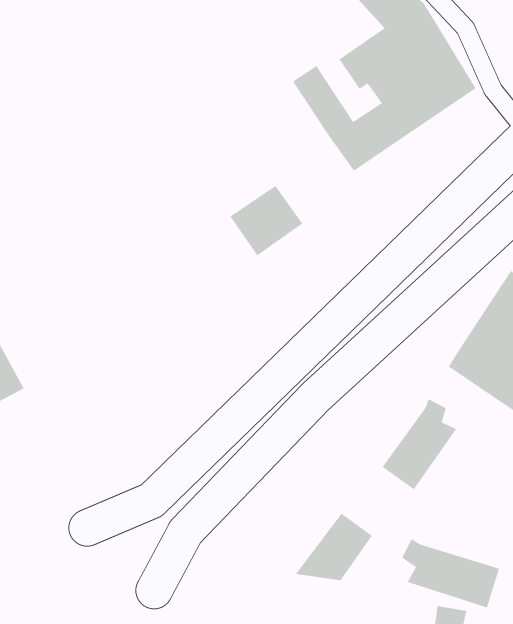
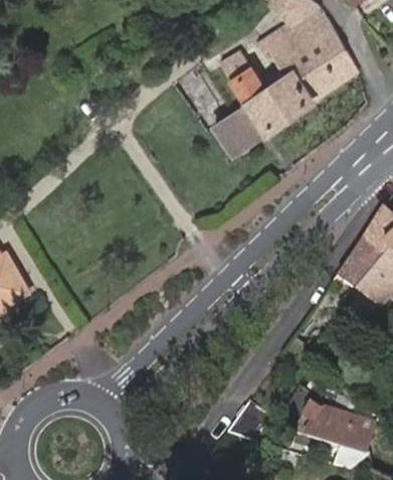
building: [229,185,303,256] -> [213,102,267,154]
building: [382,399,457,490] -> none

